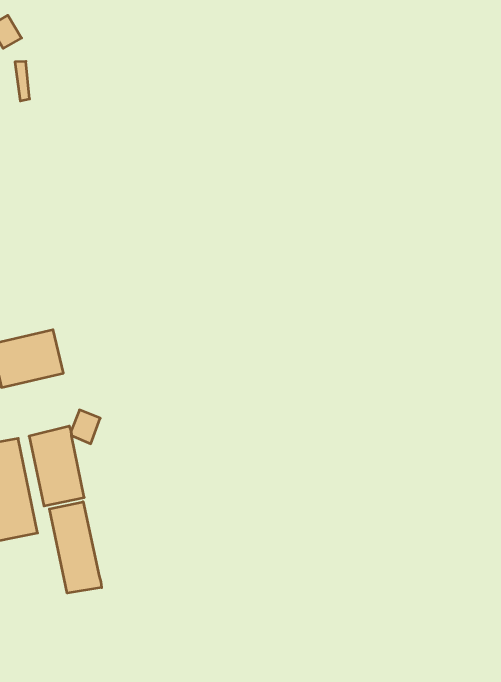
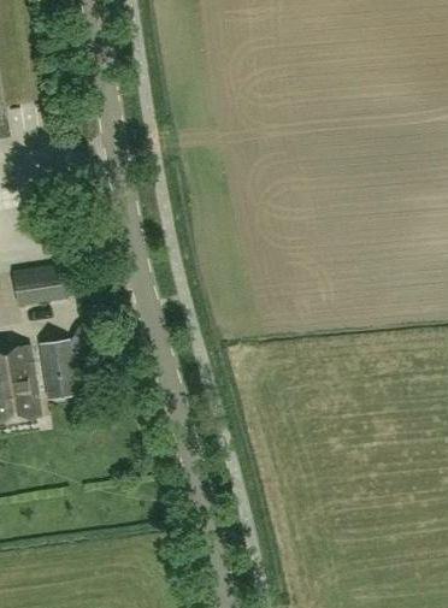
building: [49,502,102,593] -> none

